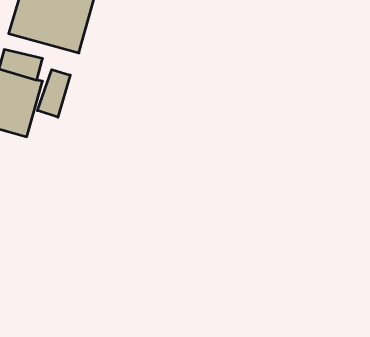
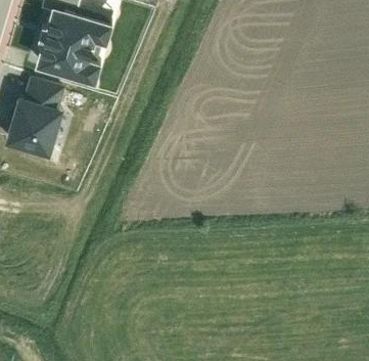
building: [37,70,70,117] -> none

